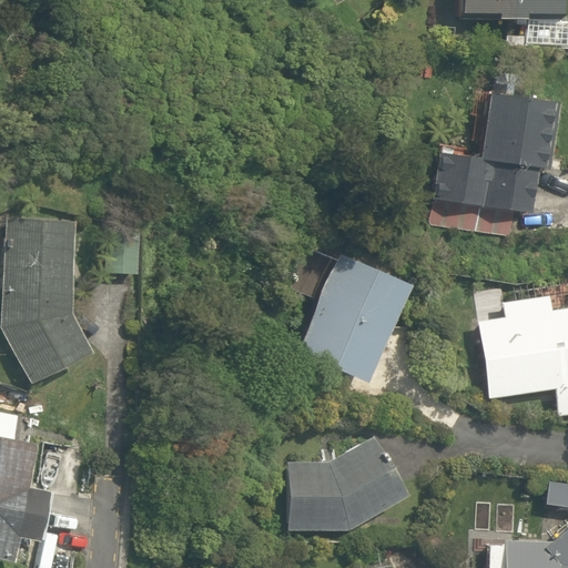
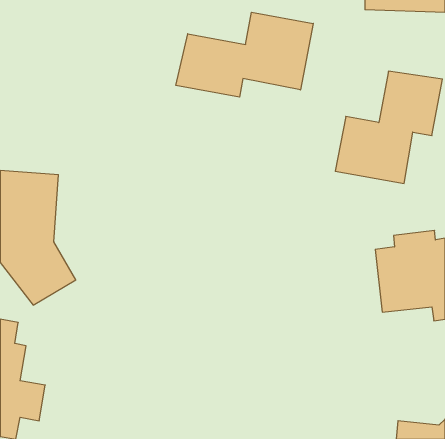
building: none -> [176,12,313,97]
building: [284,242,422,389] -> none
building: [274,437,412,531] -> none

